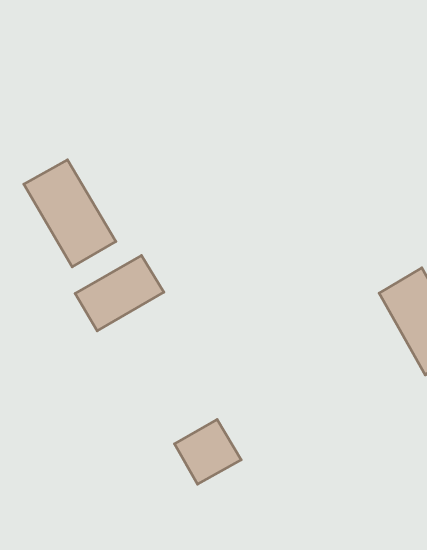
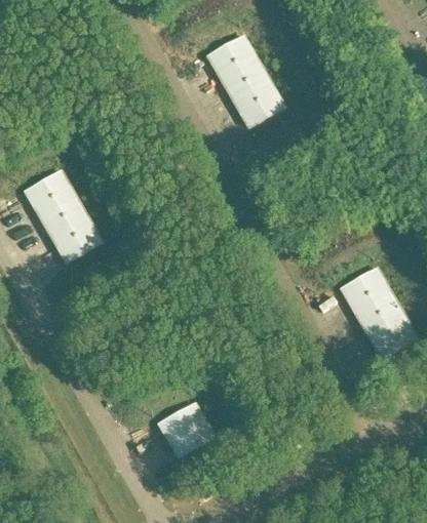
building: none -> [206,34,286,129]
building: [75,255,164,331] -> none

